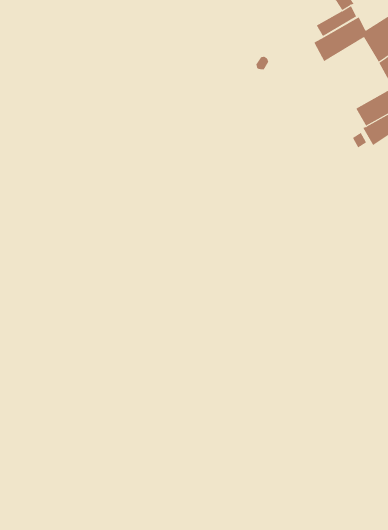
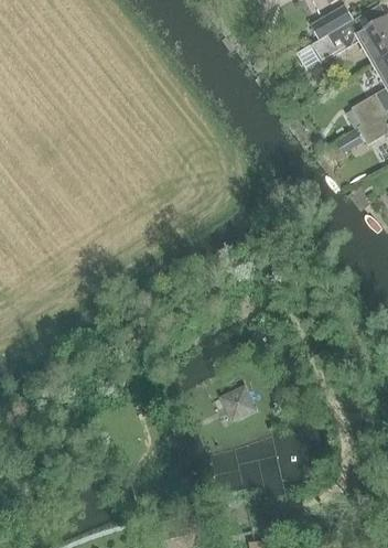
building: none -> [218,383,257,421]

